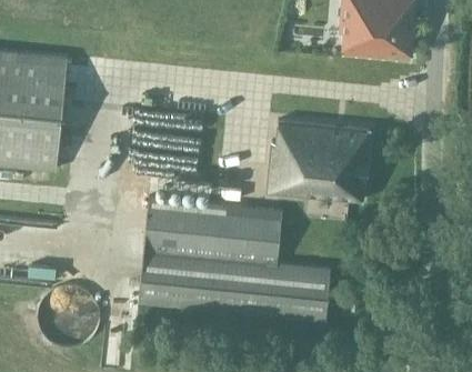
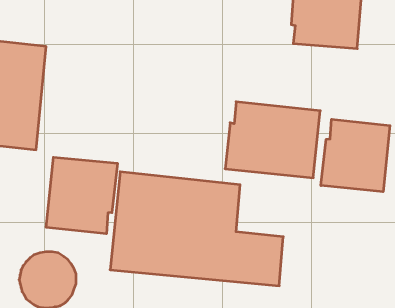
building: none -> [321,119,390,192]
building: none -> [46,157,117,234]

